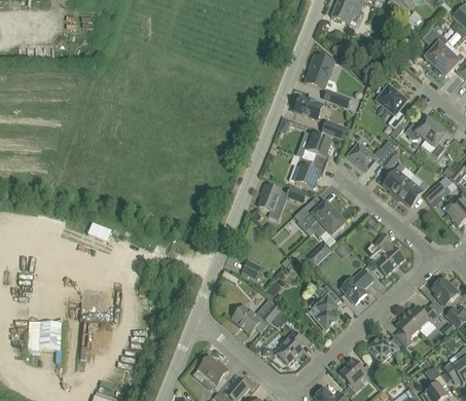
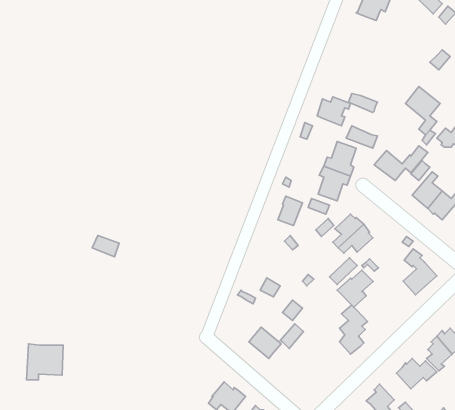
building: [306,53,333,88] -> none
building: [339,268,372,302] -> [337,270,373,307]
building: [275,330,304,363] -> none

